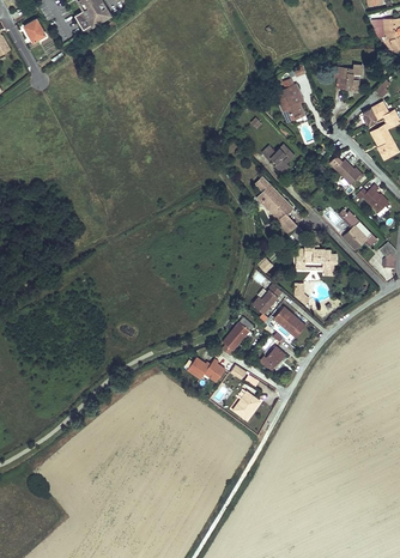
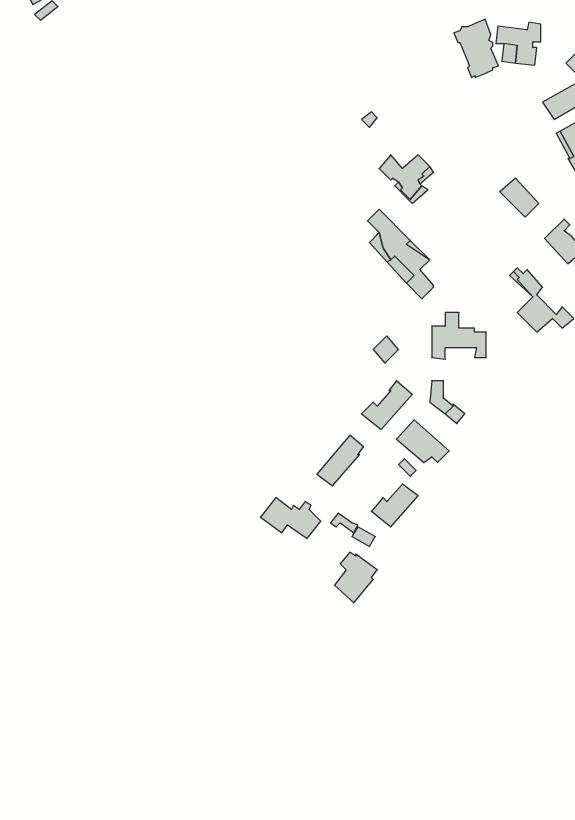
building: [277,84,304,120] -> [454,19,499,77]

